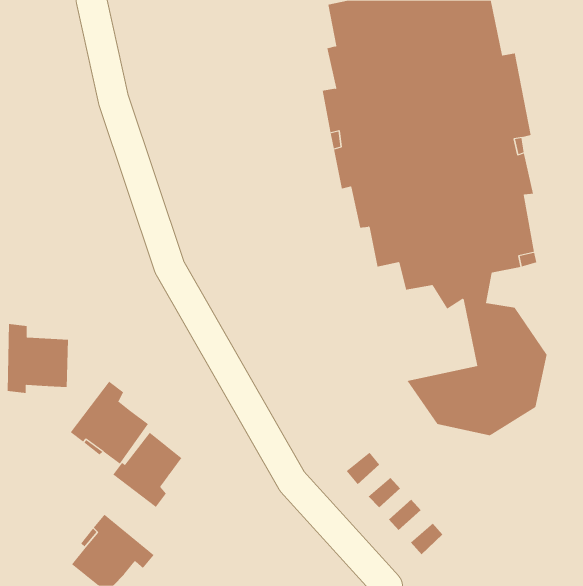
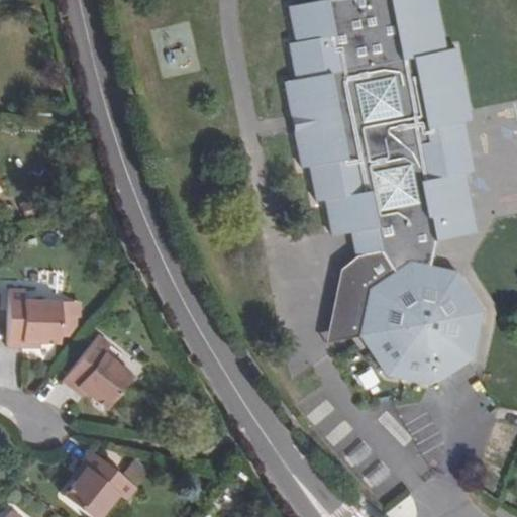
building: none -> [328,251,422,342]
building: [112,432,182,508] -> none

